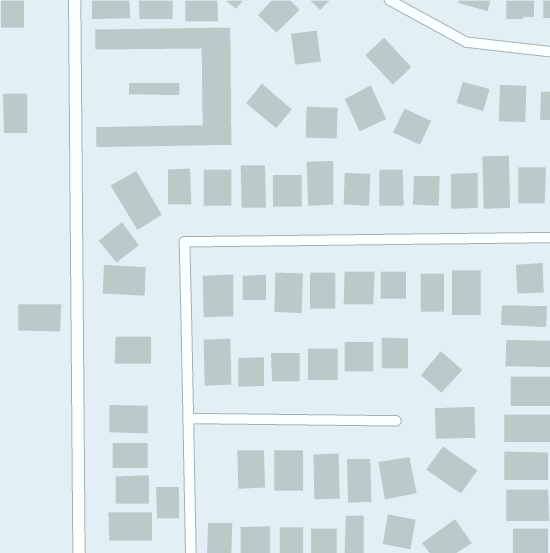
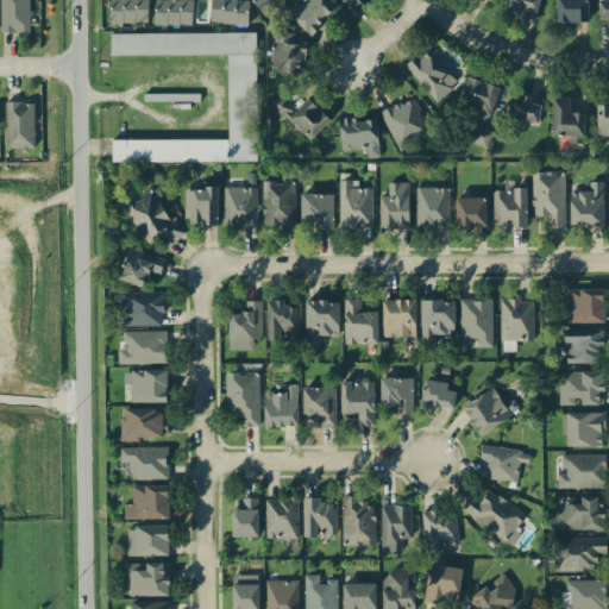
building: [290,30,322,65] -> [268,34,302,73]
building: [392,108,432,146] -> [454,74,498,115]
building: [18,304,62,332] -> [118,333,167,364]
building: none -> [123,409,171,438]
building: [155,486,180,519] -> [228,503,256,539]

